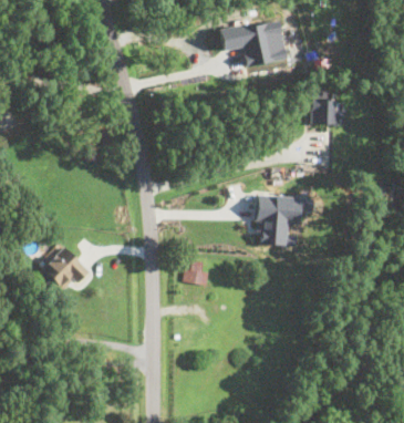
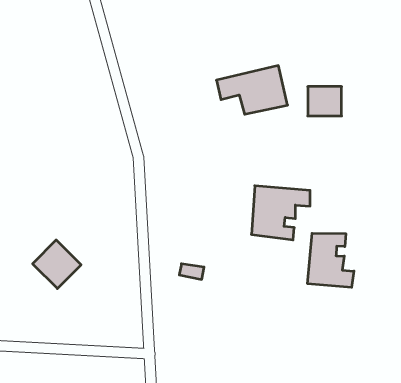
building: [220,18,290,65] -> [216,66,288,114]
building: none -> [308,233,354,287]

